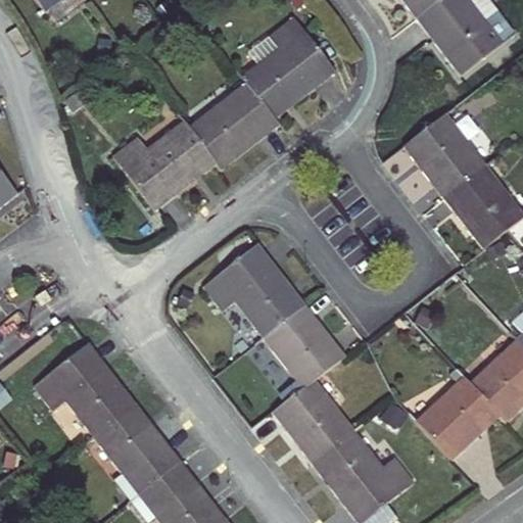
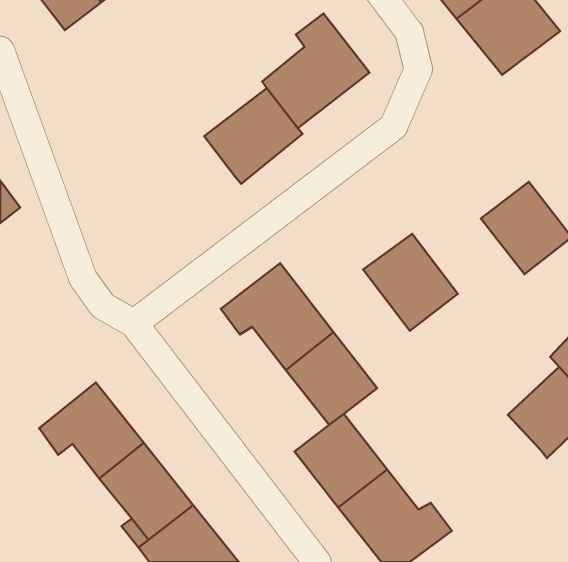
building: [399,111,486,200] -> [363,234,458,331]
building: [115,120,218,210] -> none
building: [414,373,497,458] -> none

